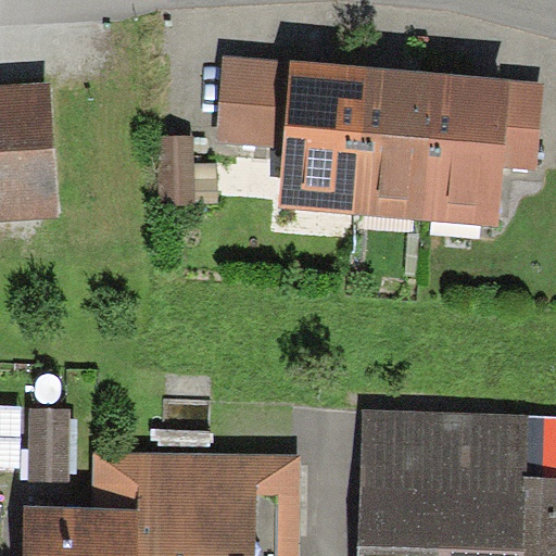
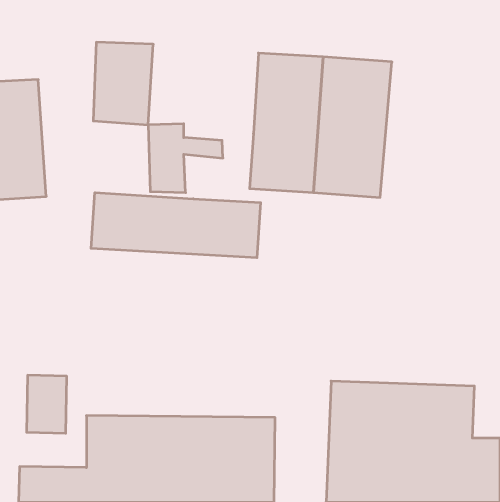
building: [219,56,286,148] -> [93,42,153,125]
building: [420,68,507,225] -> none
building: none -> [91,193,261,258]

